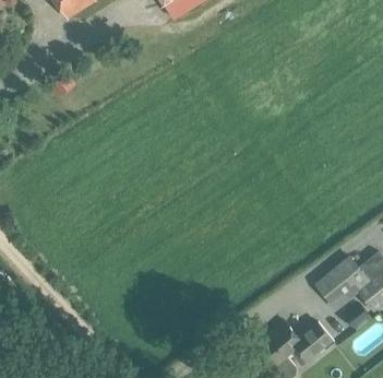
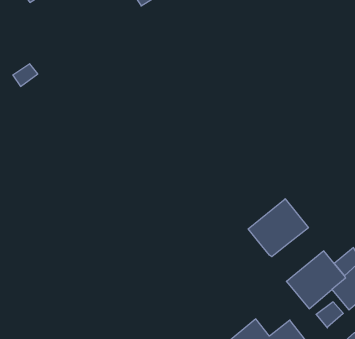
building: none -> [248,199,308,257]

